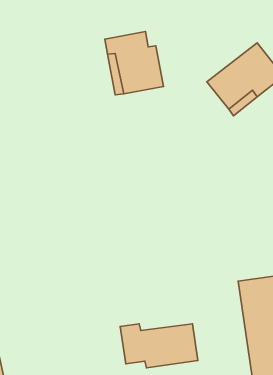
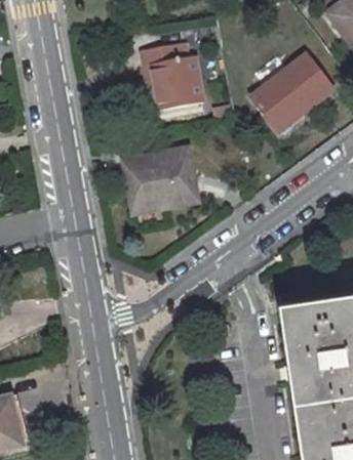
building: none -> [123,148,198,211]
building: [120,324,198,368] -> none

